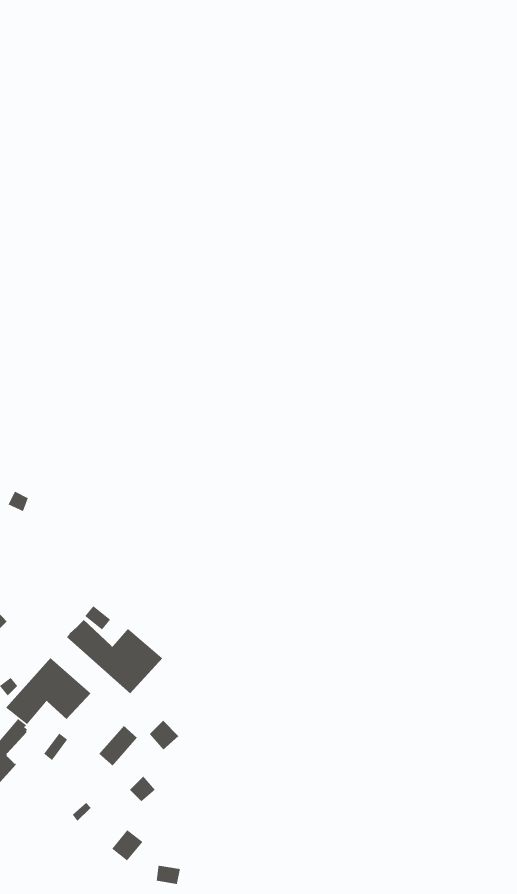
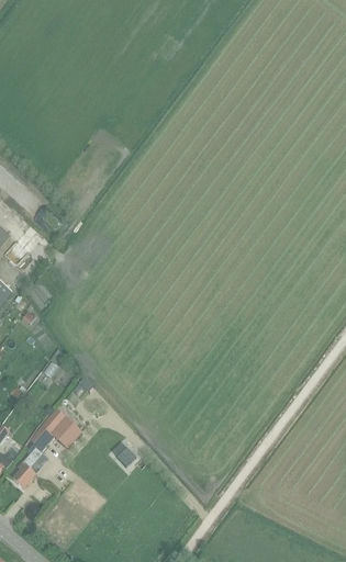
building: [66,619,163,694] -> none

